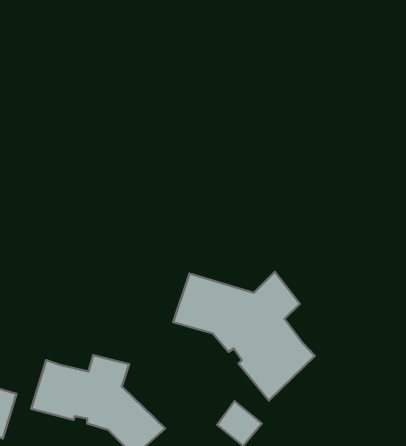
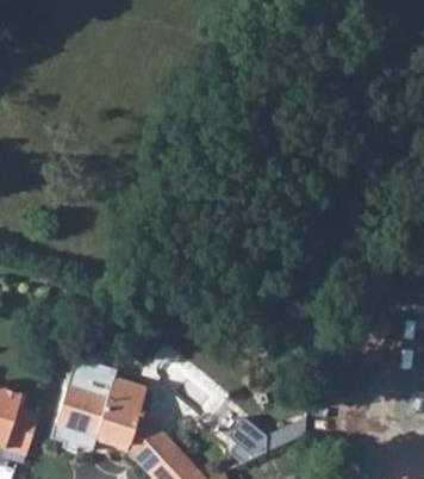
building: [173,272,315,401] -> none

